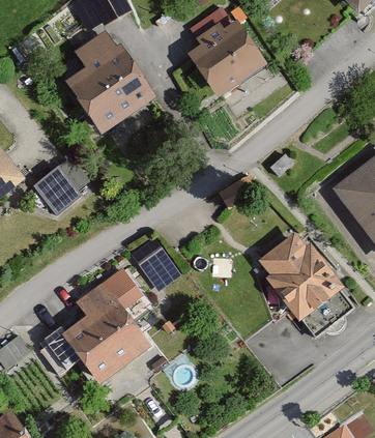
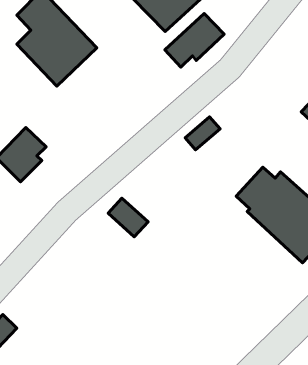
building: none -> [165,14,224,67]
building: [45,273,147,377] -> none

